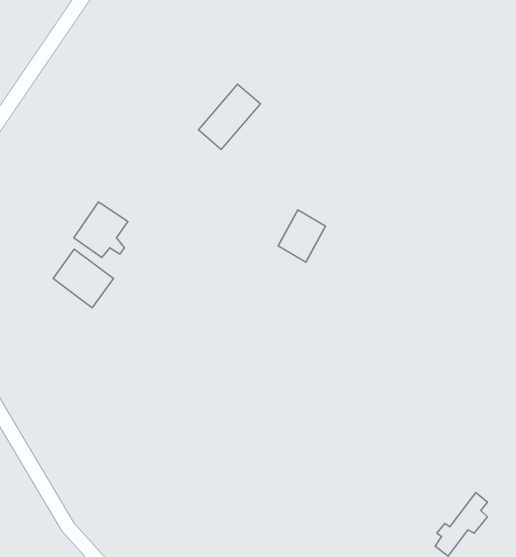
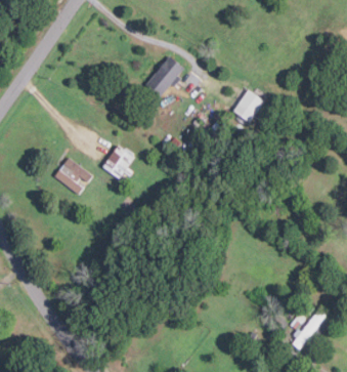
building: [74,202,128,257] -> [101,144,135,179]
building: [278,210,325,262] -> [233,89,263,122]

